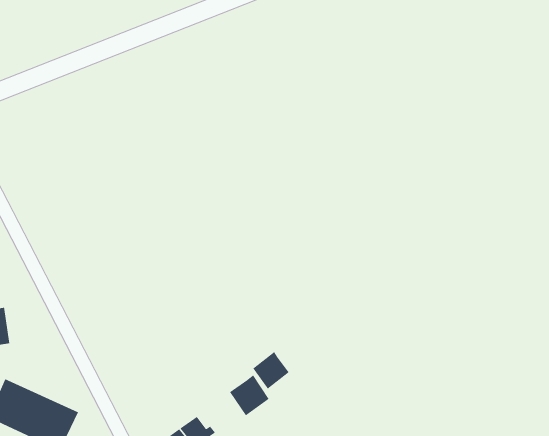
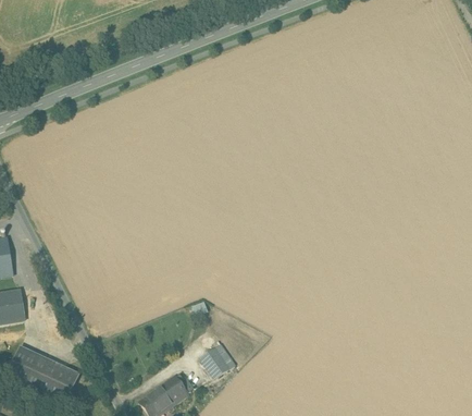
building: [252,351,290,390] -> none

